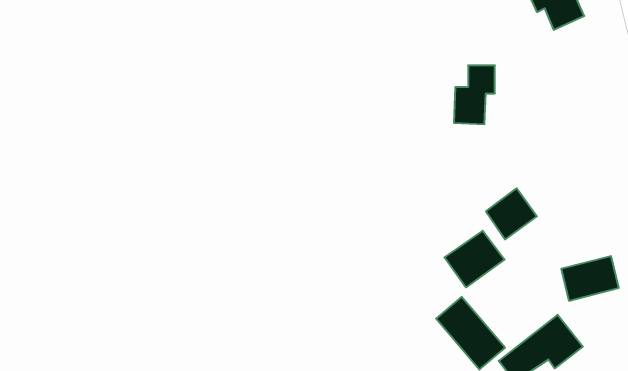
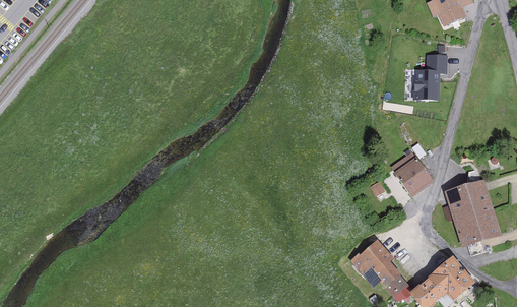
building: [454,65,495,124] -> [418,53,451,100]
building: none -> [445,180,493,221]
building: [444,231,505,287] -> none

